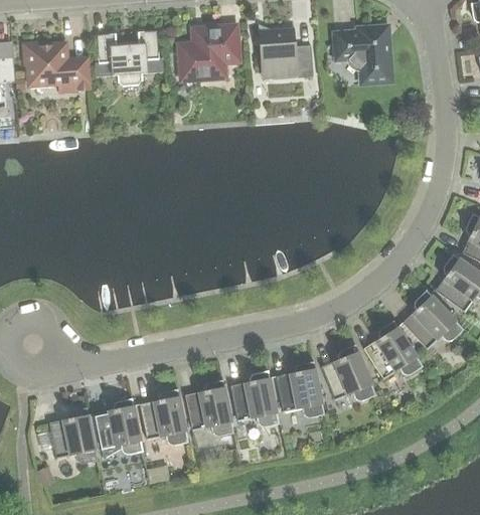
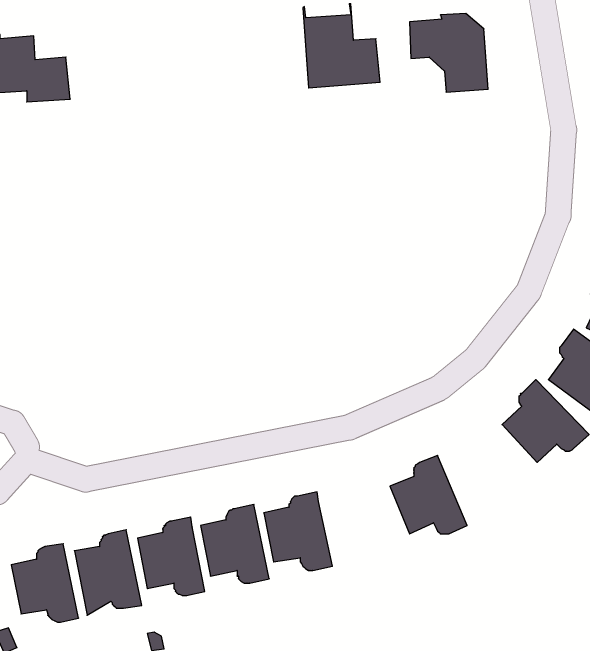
building: [176,22,244,84] -> none
building: [96,30,165,85] -> none
building: [364,320,424,378] -> none
building: [277,361,326,417] -> none

